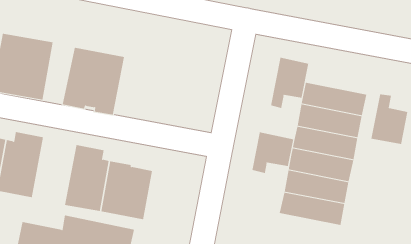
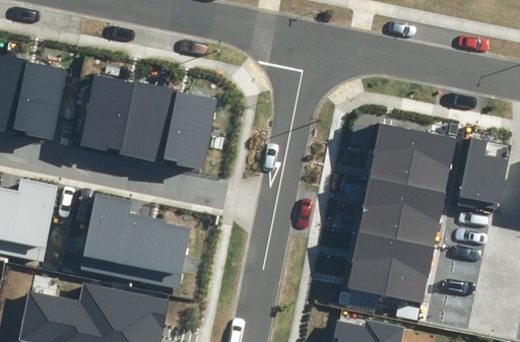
building: [270,57,309,109] -> none
building: none -> [142,86,215,169]
building: [252,131,294,174] -> none

